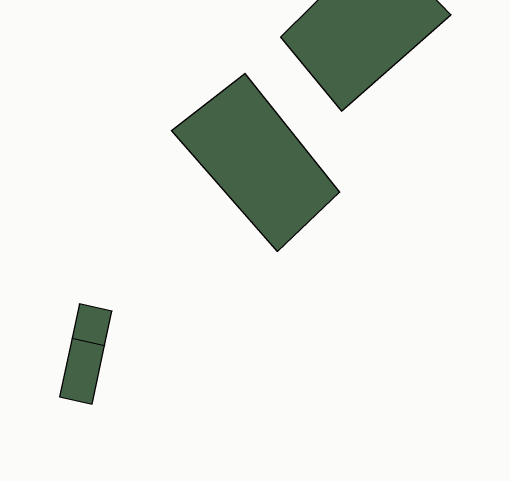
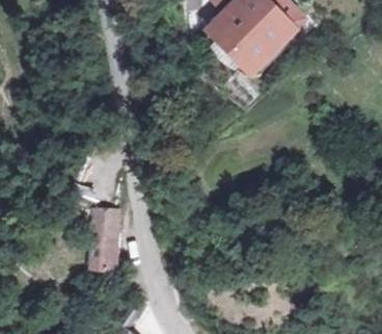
building: [171,73,340,251] -> none

